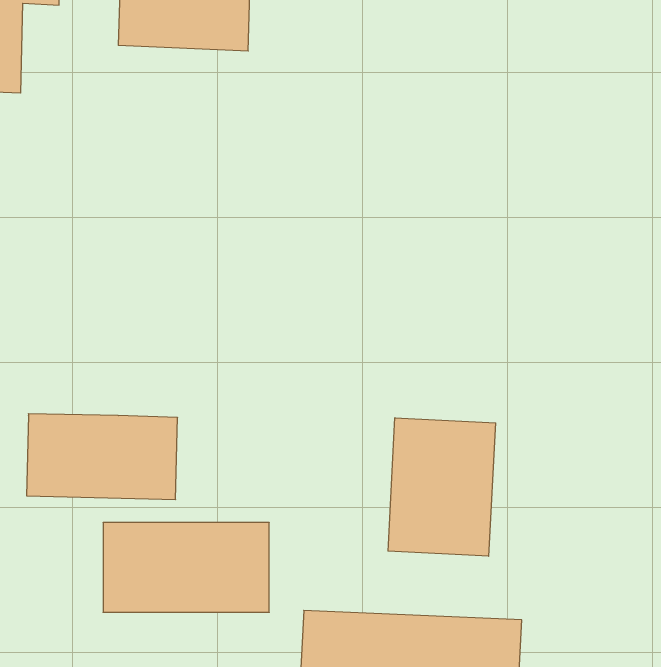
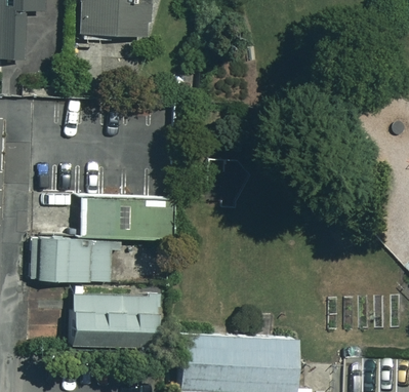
building: none -> [81,195,176,236]
building: [388,418,496,556] -> none

